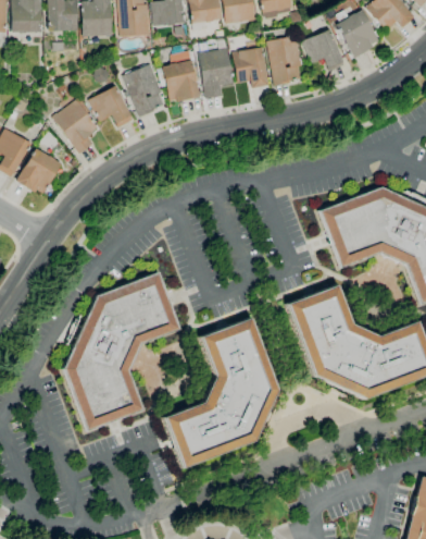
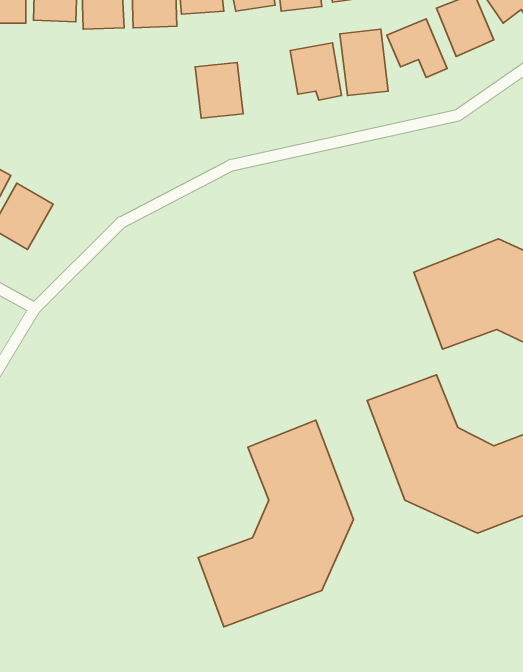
building: [198,47,233,98] -> none
building: [124,64,165,114] -> none
building: [89,85,133,126] -> none
building: [52,98,98,152] -> none
building: [64,273,179,431] -> none

